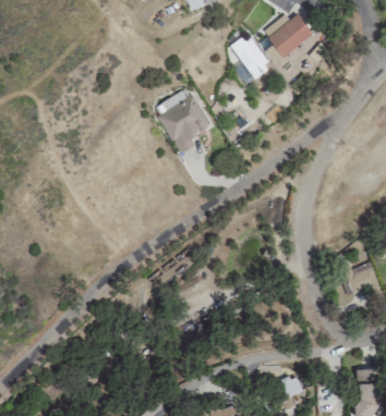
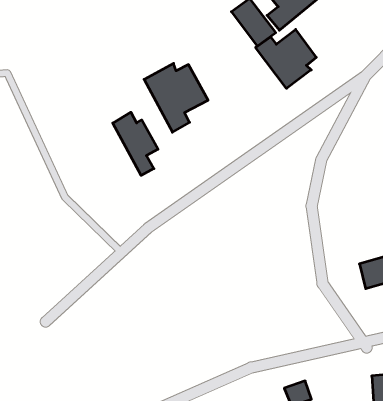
building: none -> [256,29,316,88]
building: none -> [113,112,158,175]

